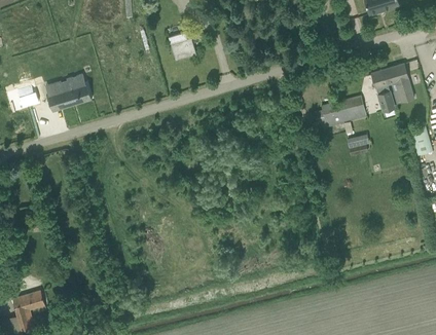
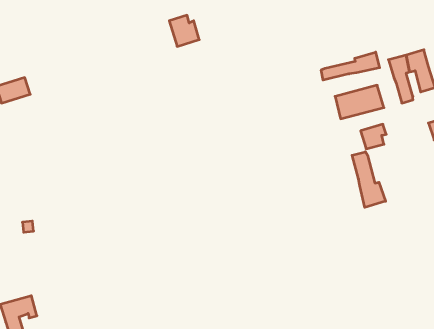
building: none -> [321,52,380,80]
building: [46,73,92,111] -> none
building: none -> [352,152,386,207]

